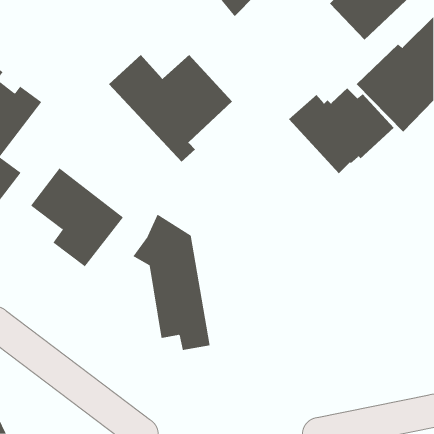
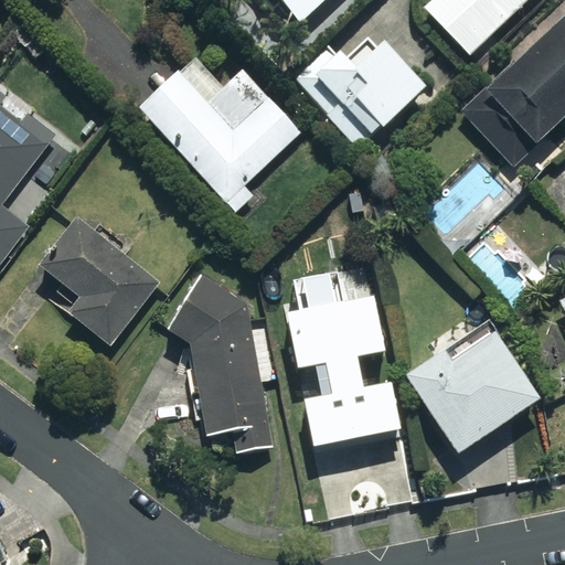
building: [288,87,395,174] -> [290,34,427,146]
building: none -> [289,298,402,447]
building: none -> [407,331,540,452]

